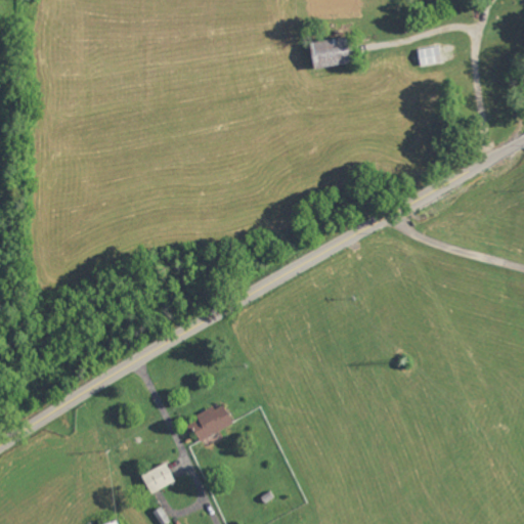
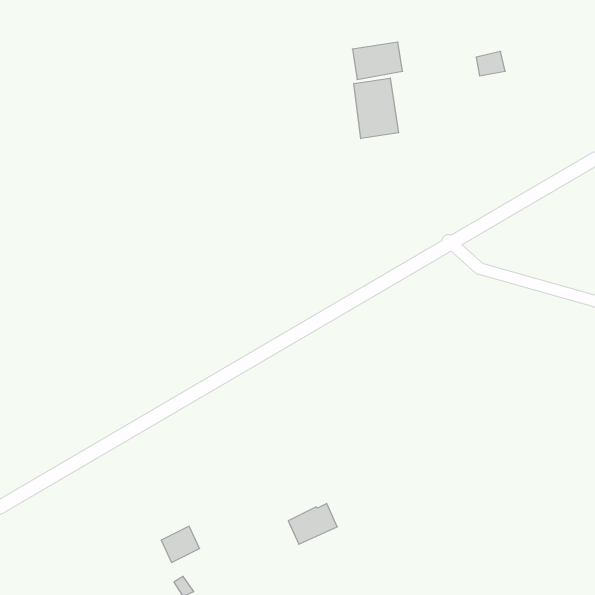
building: none -> [354,78,399,139]
building: [189,403,232,439] -> [288,503,337,544]

